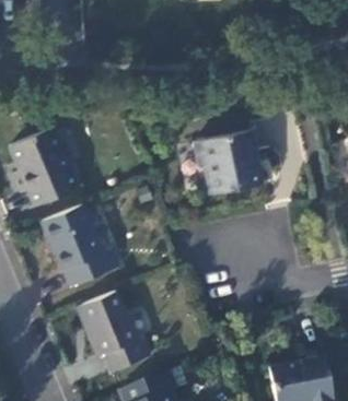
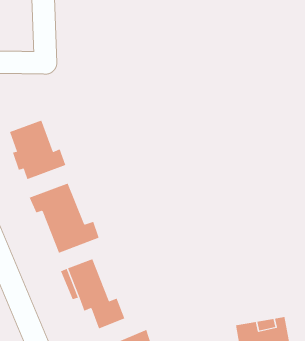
building: [194,131,264,193] -> none

